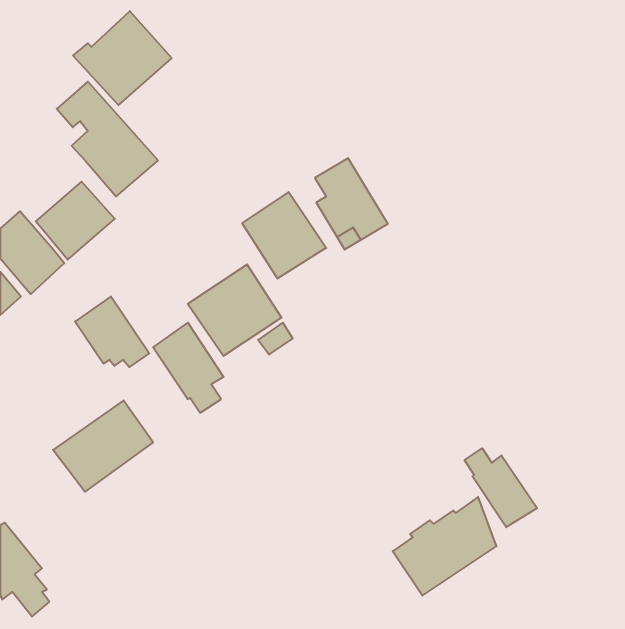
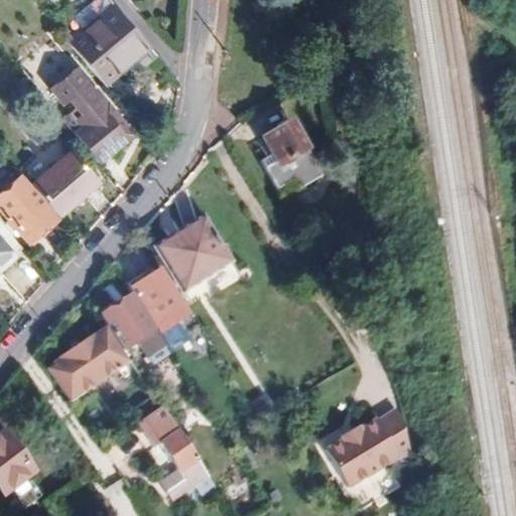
building: [242,192,326,279] -> none
building: [75,297,149,367] -> [103,295,163,353]
building: [465,448,537,527] -> none
building: none -> [139,405,211,501]

